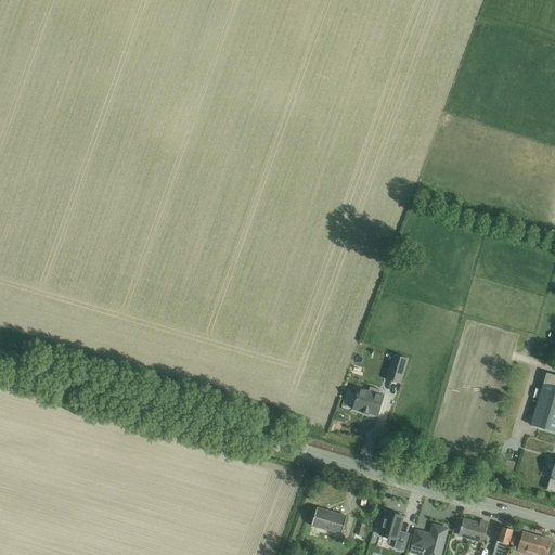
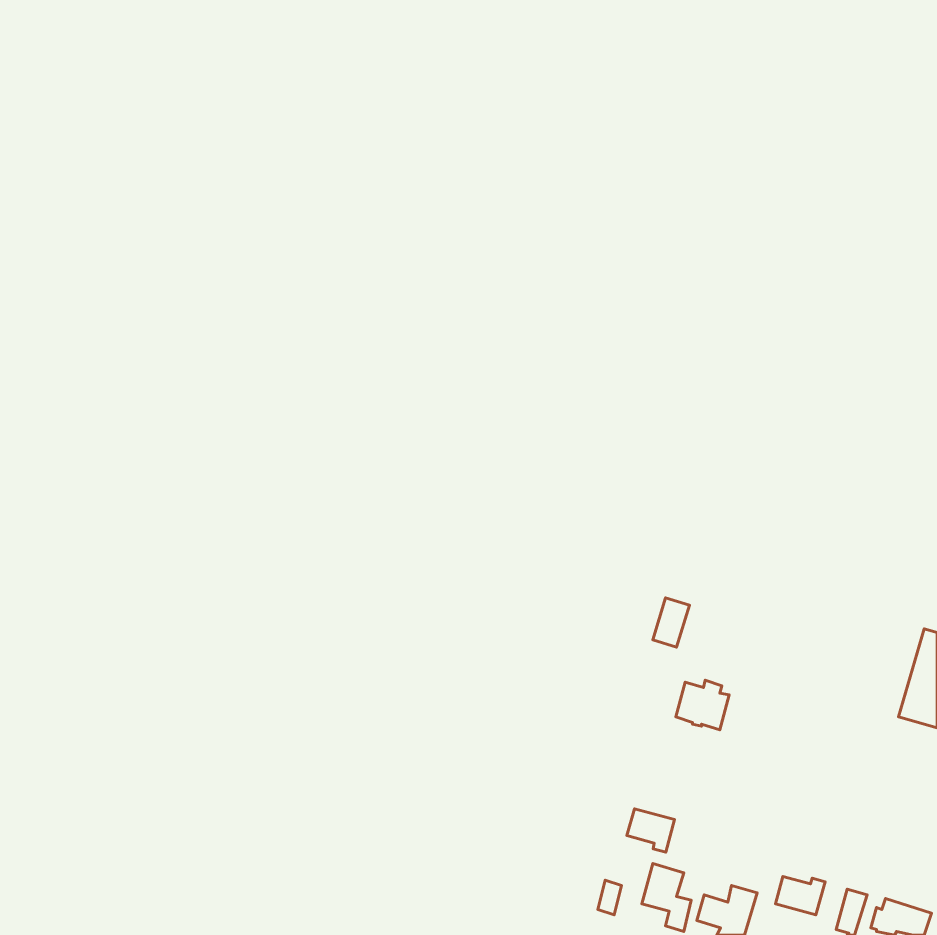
building: [352,386,384,415] -> [676,680,729,730]
building: none -> [627,809,675,852]
building: [310,511,345,538] -> none

